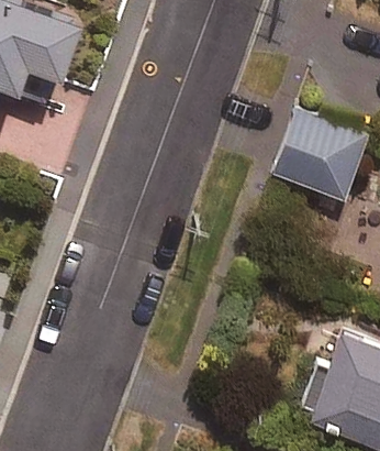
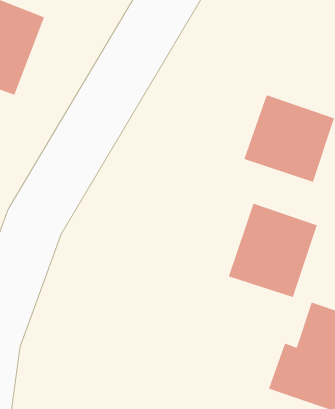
building: none -> [228,203,317,298]

